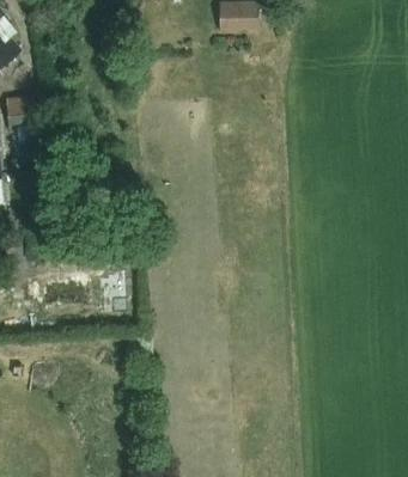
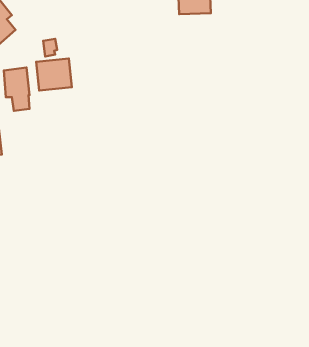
building: none -> [36,59,72,90]

